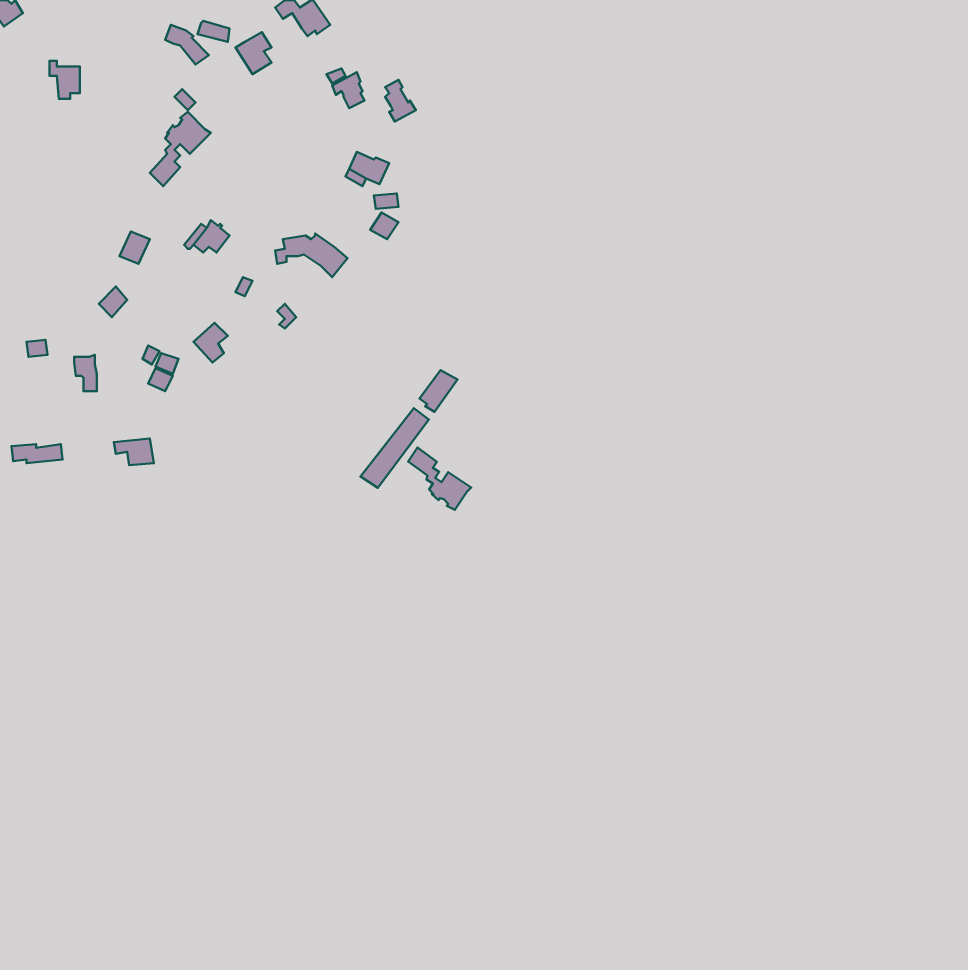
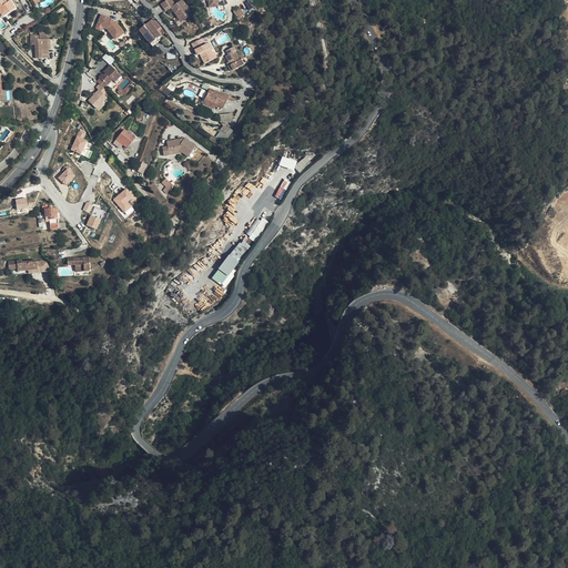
building: [408,447,471,510] -> none

